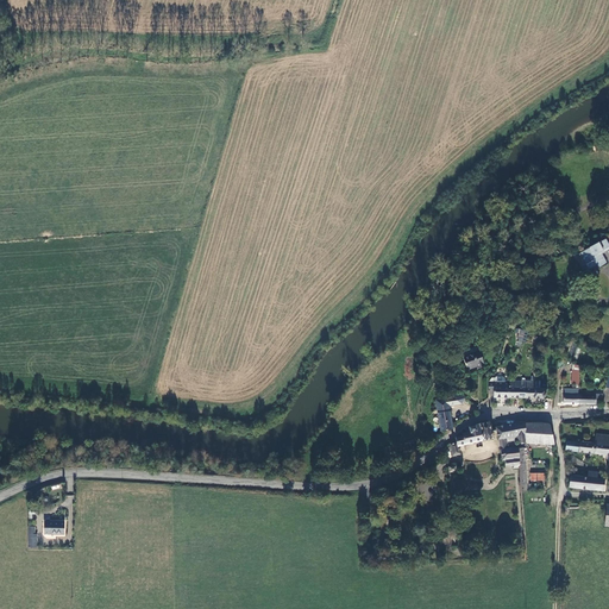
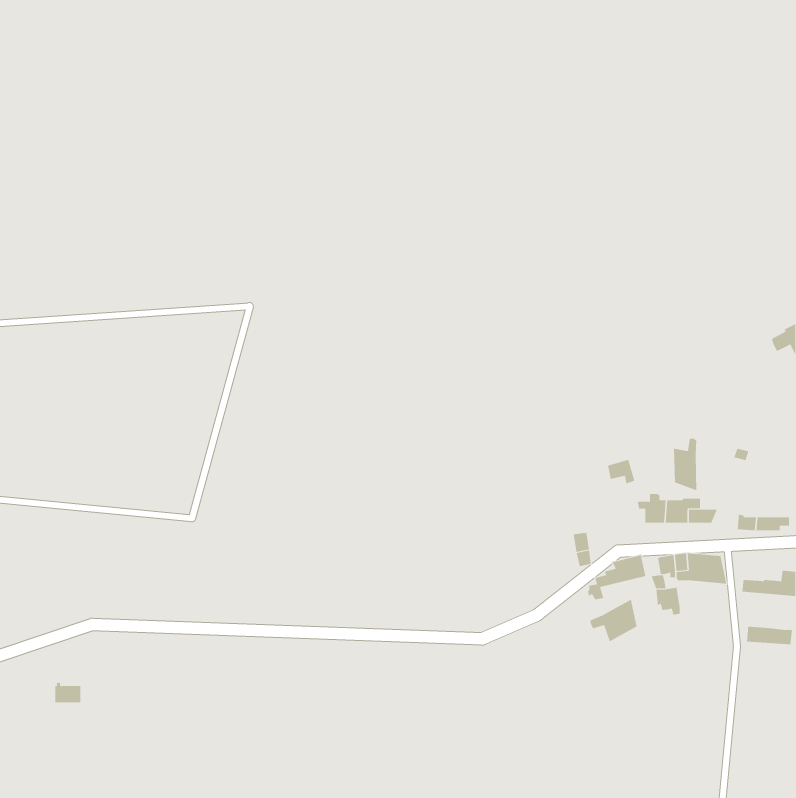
building: none -> [674,438,697,491]
building: none -> [590,599,637,642]

